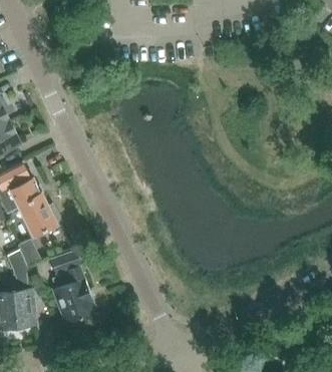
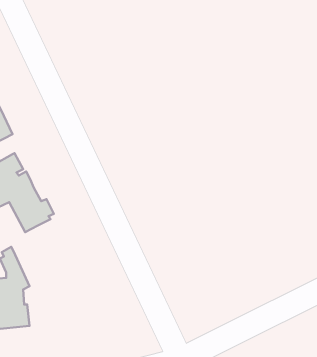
building: [50,254,95,323] -> none

